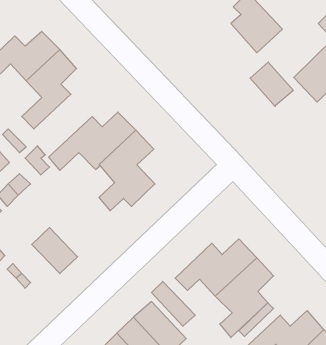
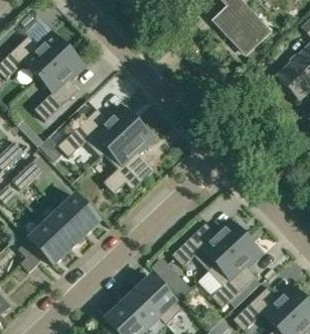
building: [250,62,293,106] -> none
building: none -> [59,195,100,235]
building: none -> [28,224,68,264]

